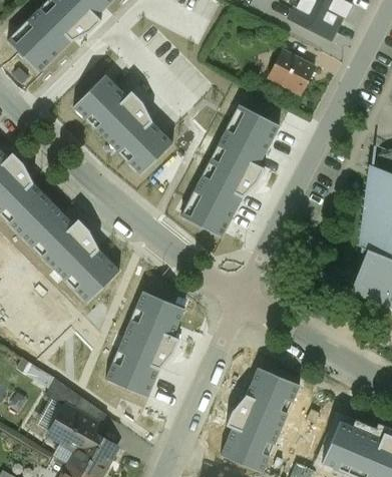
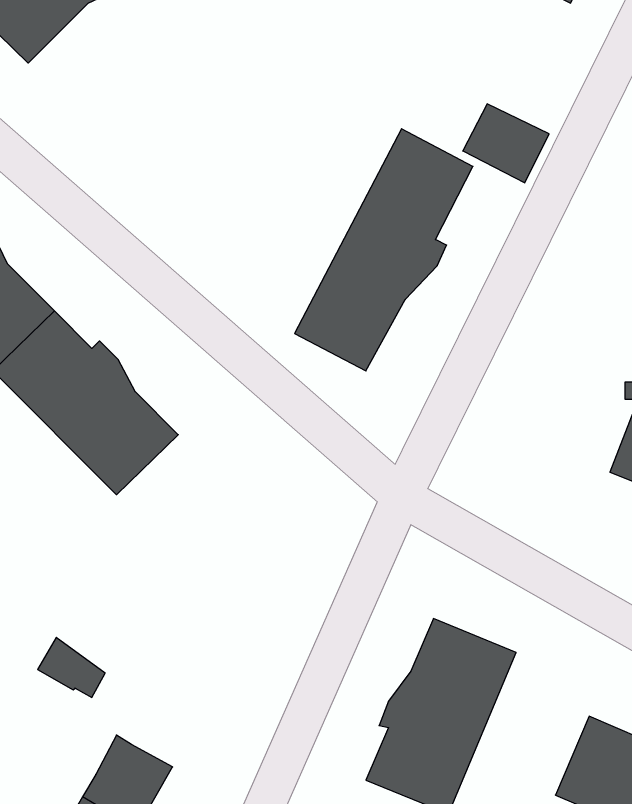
building: [268,51,314,93] -> [463,104,549,183]
building: [74,76,170,172] -> none
building: [105,292,185,398] -> none
building: [48,405,100,451] -> none

